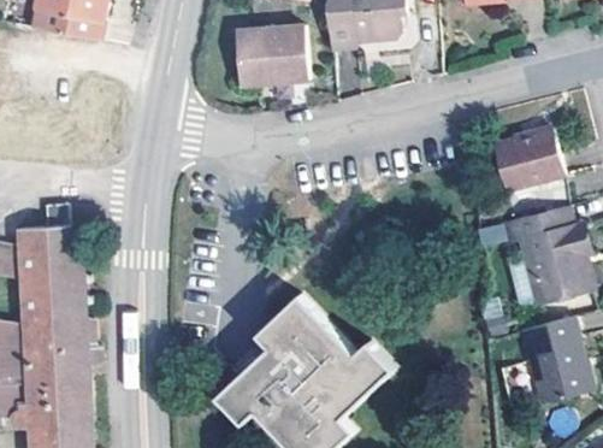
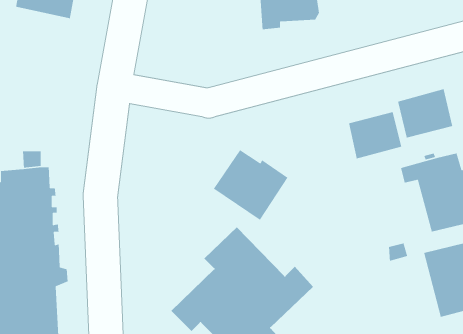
building: [232,26,307,86] -> none
building: none -> [348,111,402,159]
building: none -> [213,149,289,221]

